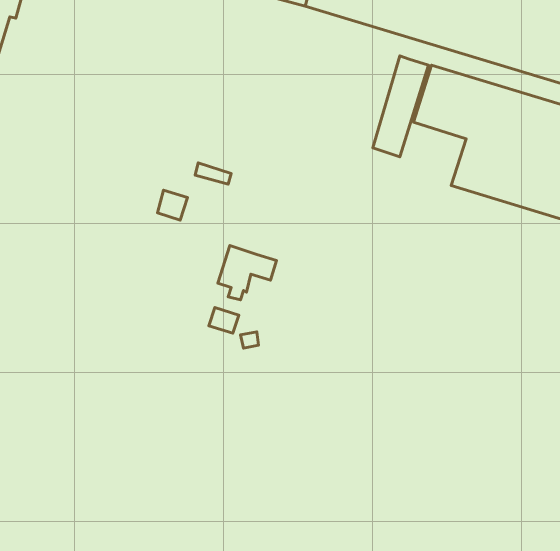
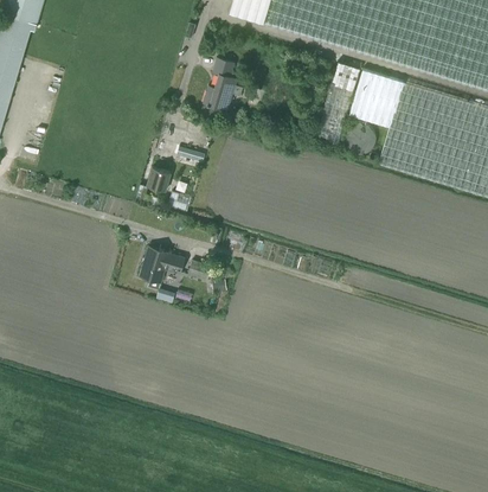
building: none -> [203,58,243,109]
building: [218,245,276,300] -> [139,245,185,288]

